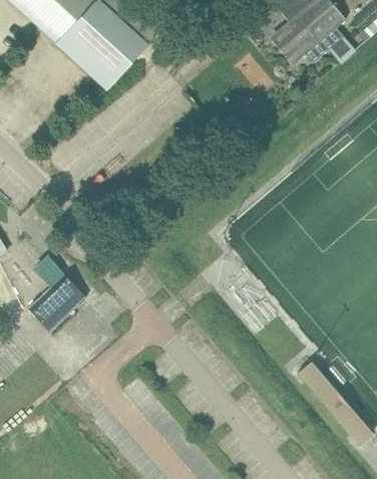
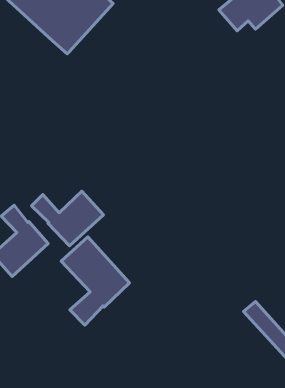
building: none -> [32,191,104,246]
building: none -> [61,237,129,325]

